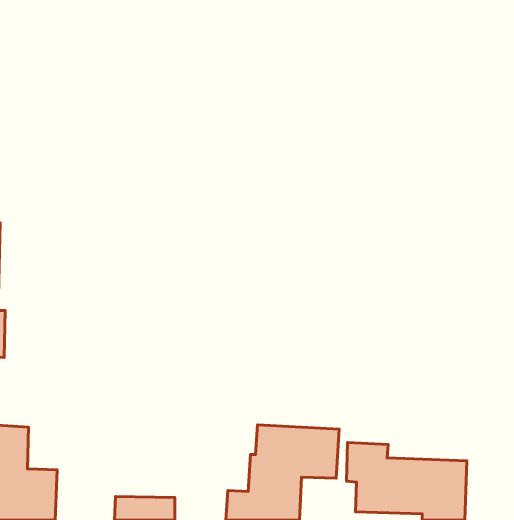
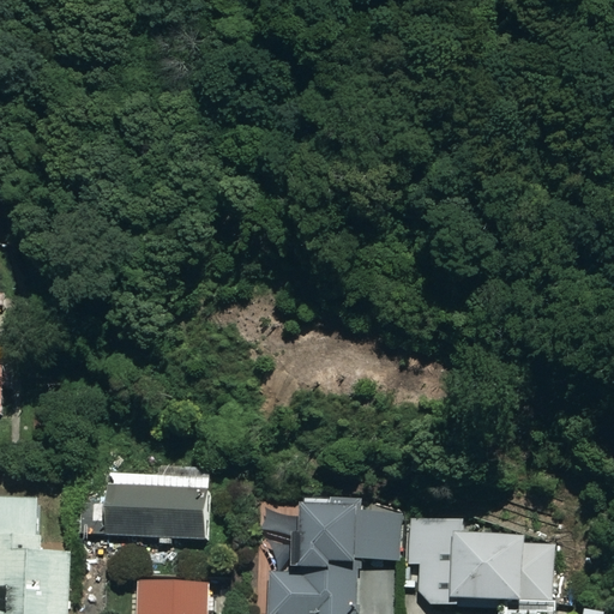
building: none -> [77,475,213,542]

